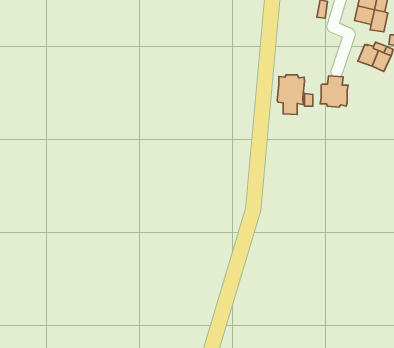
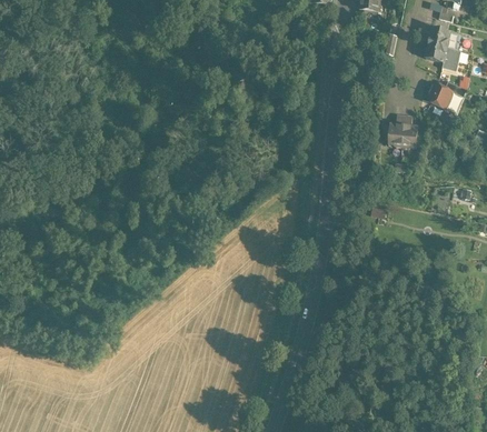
building: [277,75,305,114] -> none

